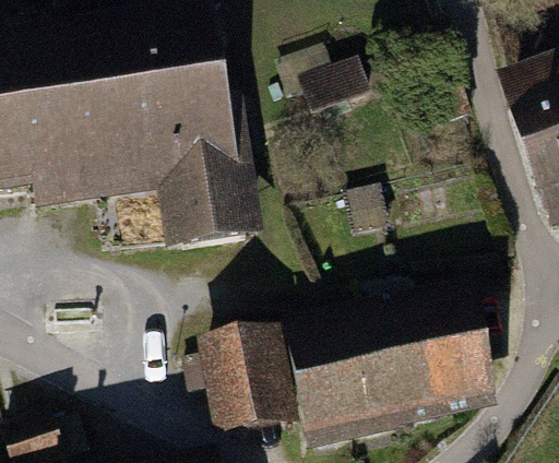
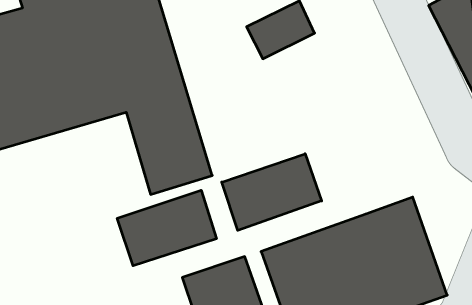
building: none -> [222,154,322,230]
building: none -> [117,190,216,266]

